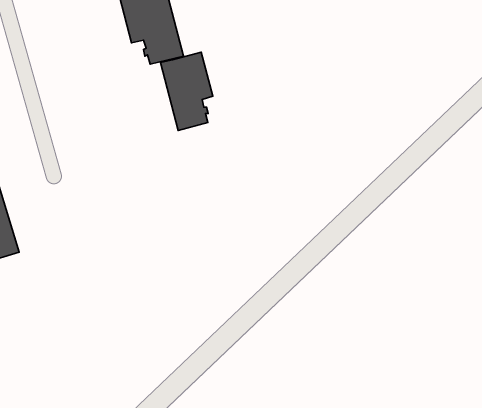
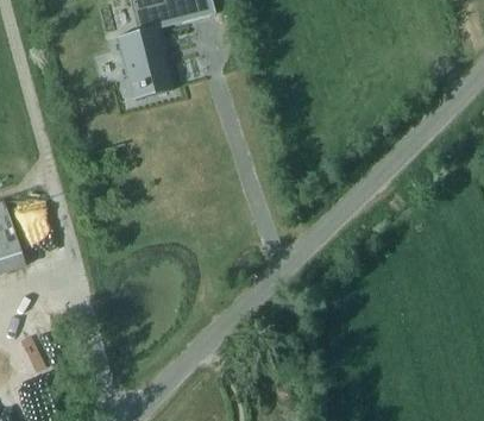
building: [160,52,213,131] -> none

